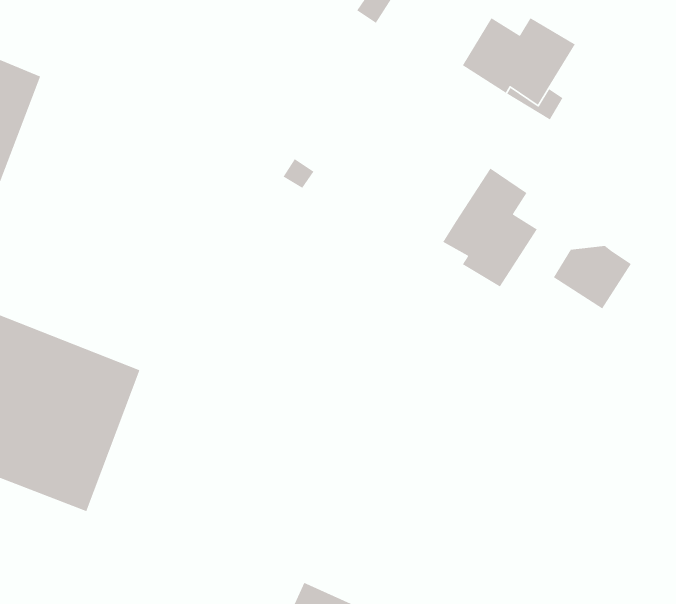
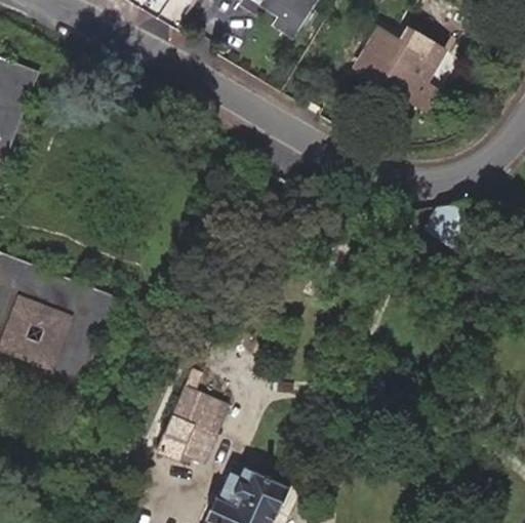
building: [442,168,538,287] -> none
building: none -> [156,368,230,464]

